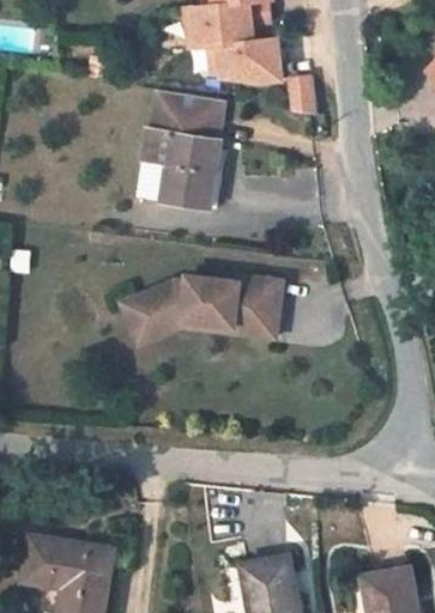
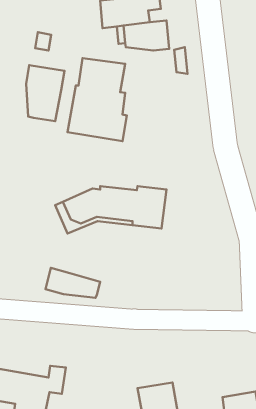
building: none -> [26,65,64,121]
building: none -> [46,268,100,298]

